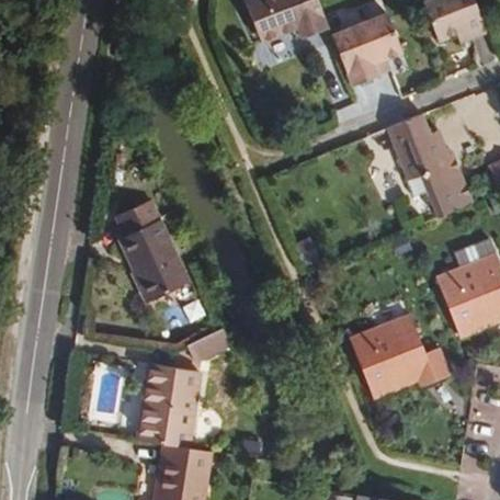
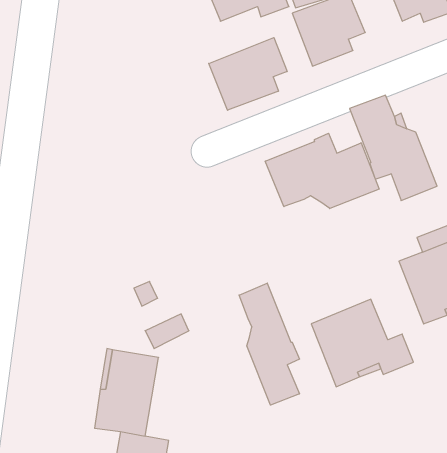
building: none -> [209,38,287,110]
building: none -> [265,133,379,209]
building: [116,200,190,302] -> none
building: none -> [239,283,299,405]

